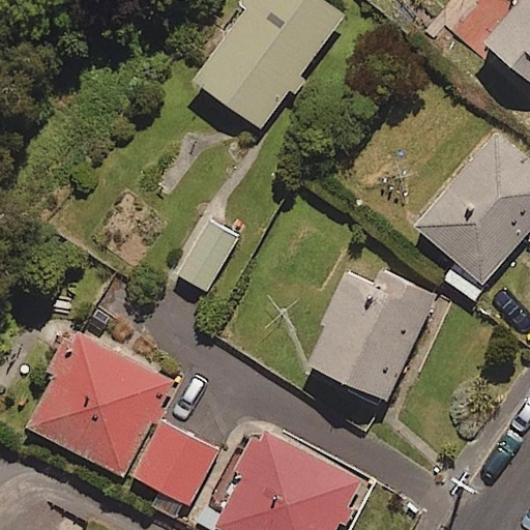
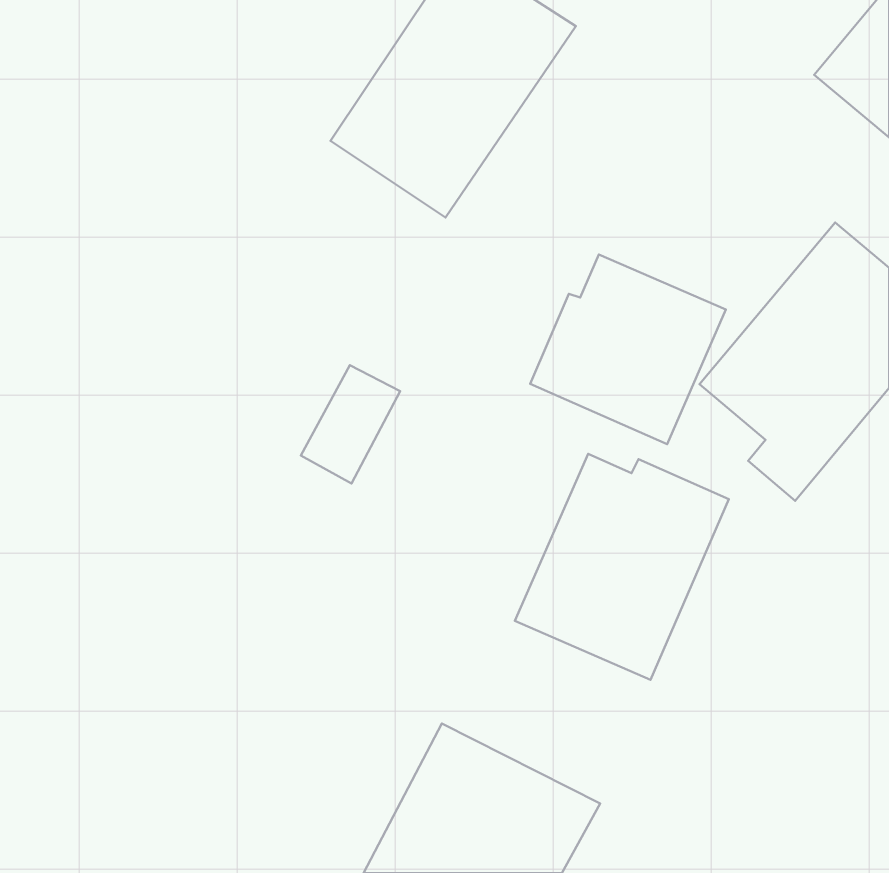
building: none -> [530,254,726,444]
building: [27,330,217,504] -> none

